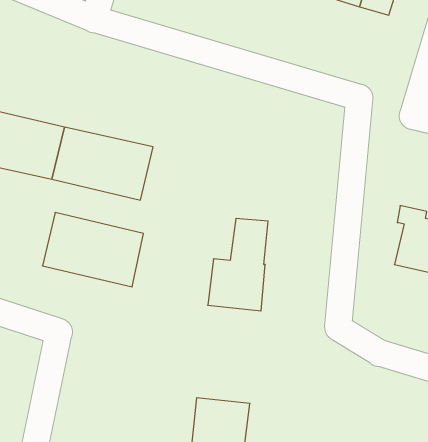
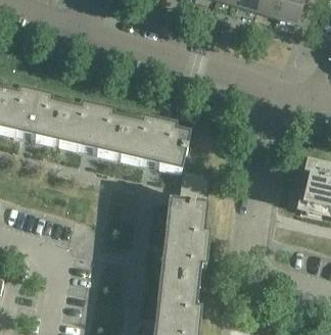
building: [42,213,143,287] -> [116,118,190,173]
building: none -> [157,234,204,305]

